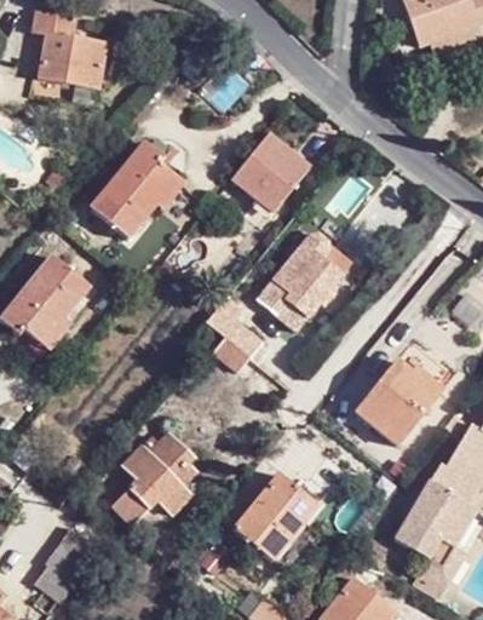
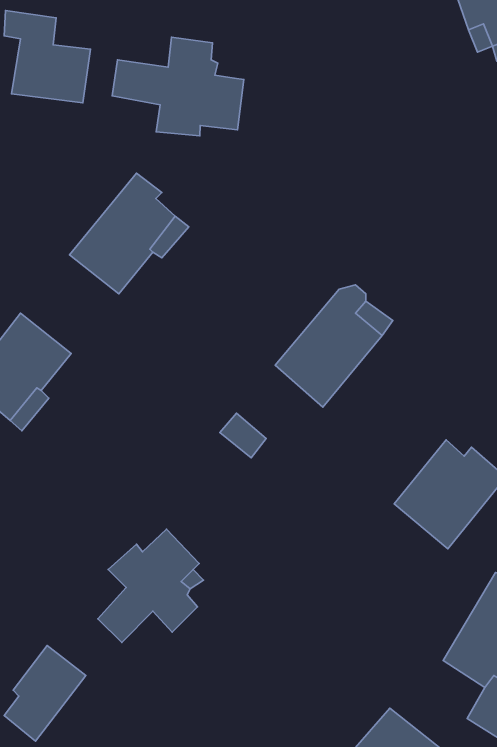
building: none -> [112,37,244,136]
building: [231,131,311,213] -> none
building: [209,298,263,357] -> none
building: [234,472,318,561] -> none

